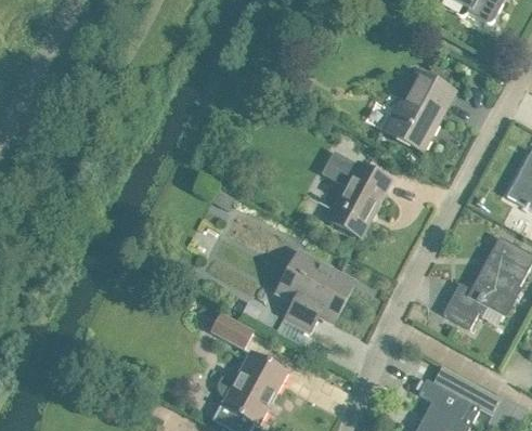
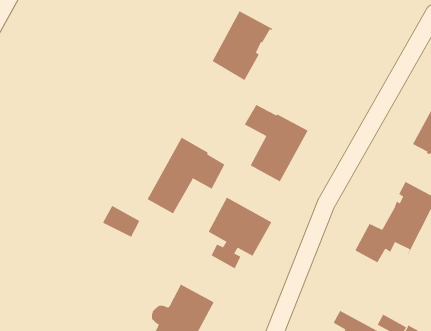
building: [386,70,454,148] -> [212,10,273,81]
building: none -> [147,137,225,214]
building: [209,312,251,348] -> [102,205,140,237]

